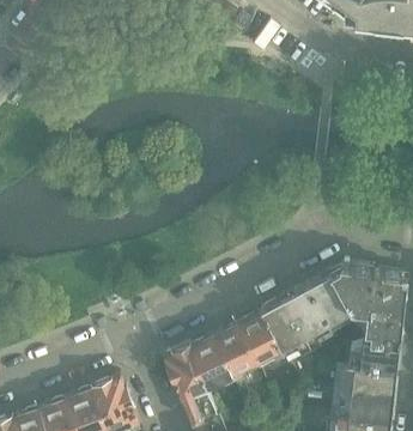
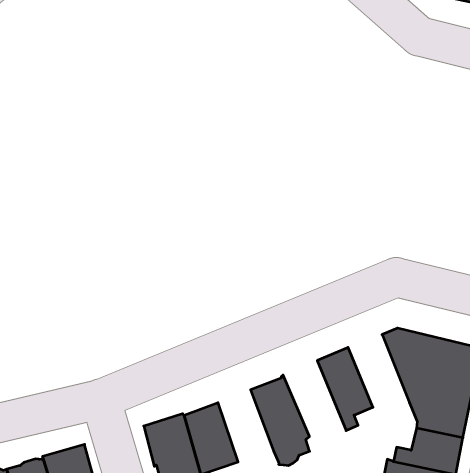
building: [306,271,356,324] -> none
building: [261,295,311,356] -> none
building: [215,321,260,375] -> none

